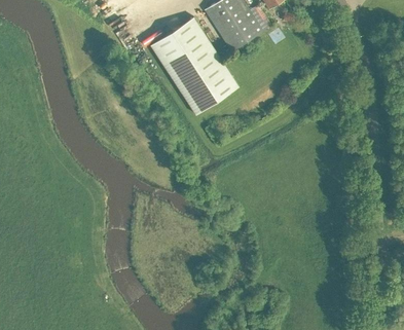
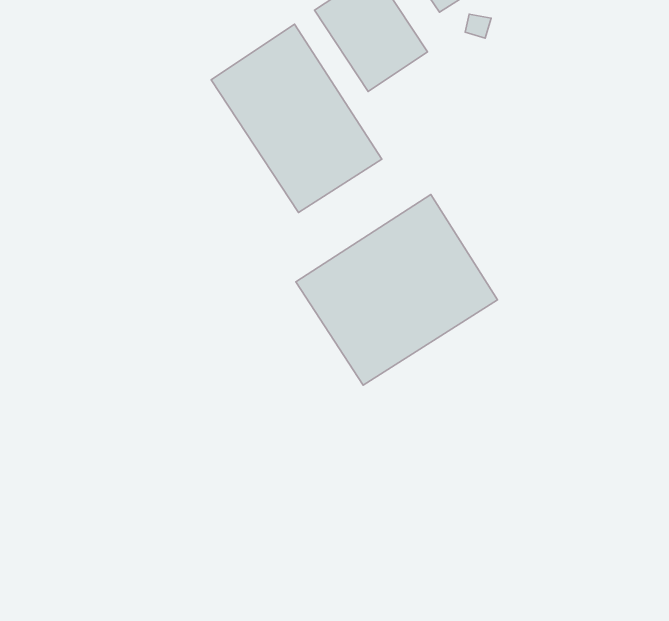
building: none -> [296,195,498,385]

